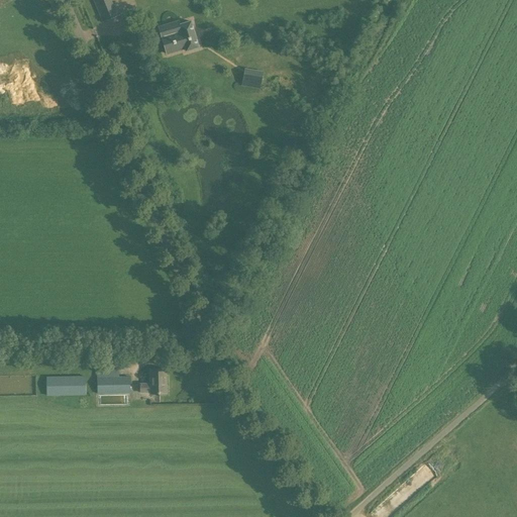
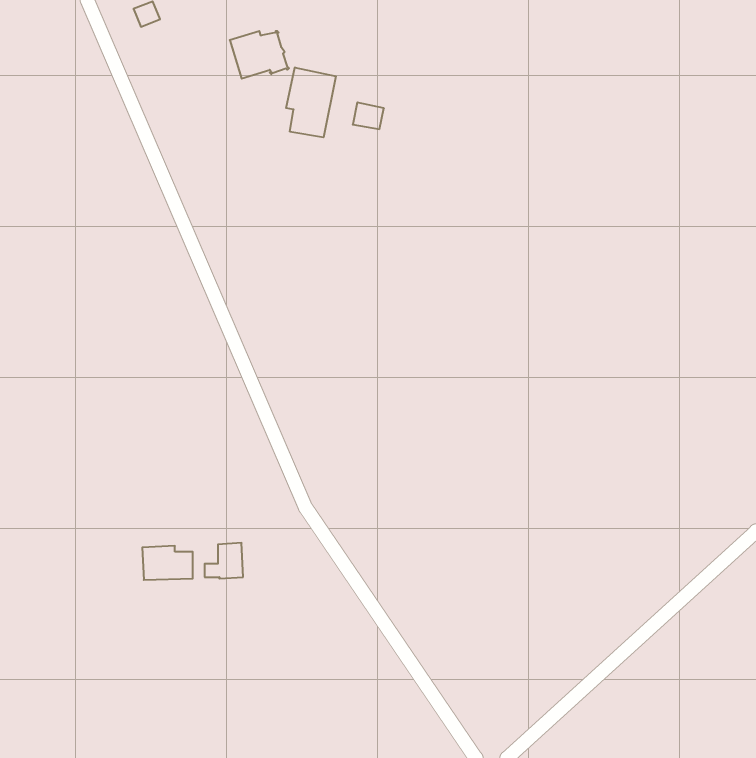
building: none -> [286,67,336,137]
building: [47,376,87,395] -> none

